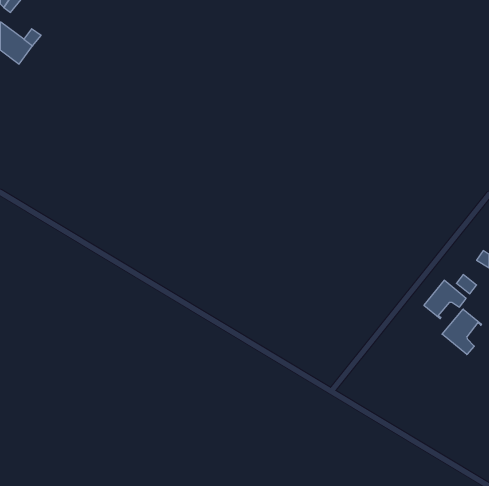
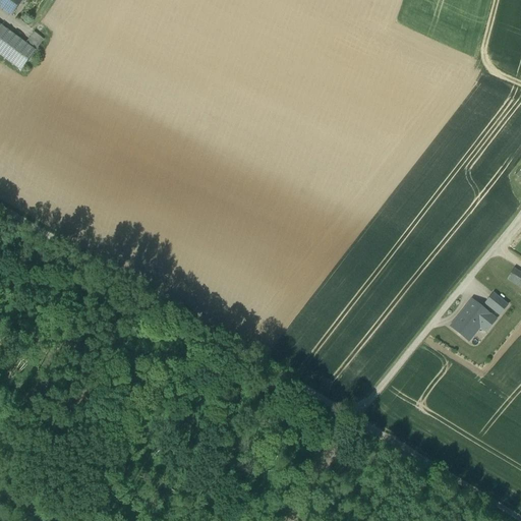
building: [442,309,481,355] -> none

